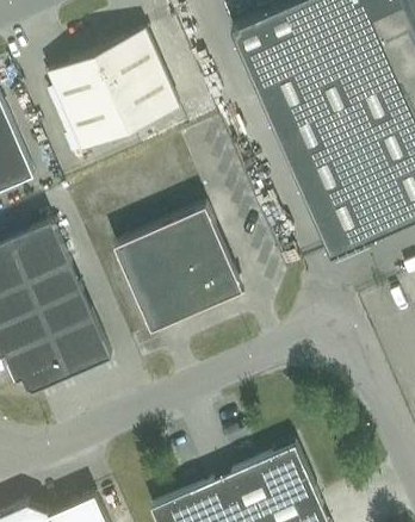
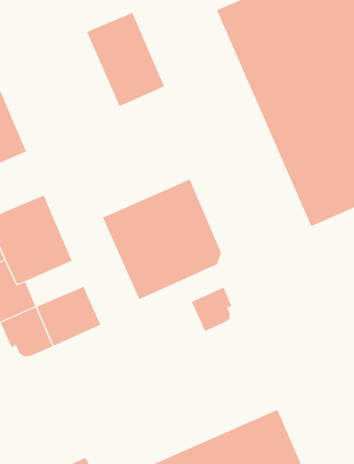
building: [48,52,130,153] -> none
building: [32,292,93,340] -> none
building: none -> [191,287,232,332]

